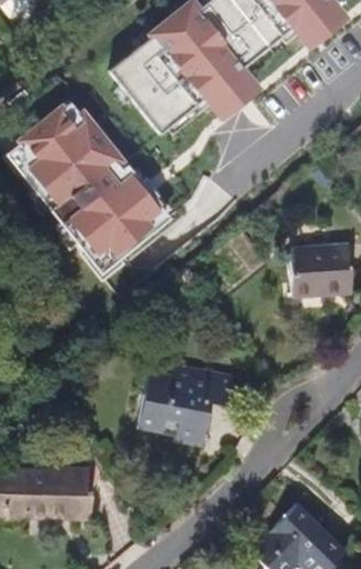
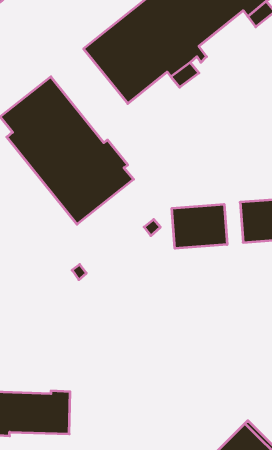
building: none -> [172,204,227,248]
building: [139,362,237,447] -> none

